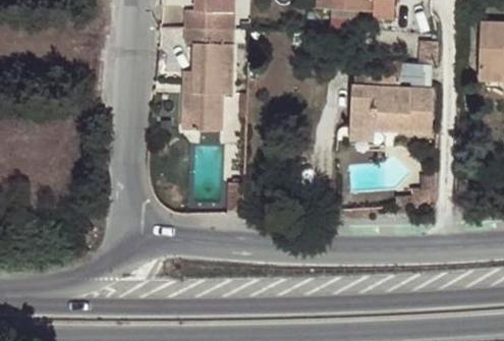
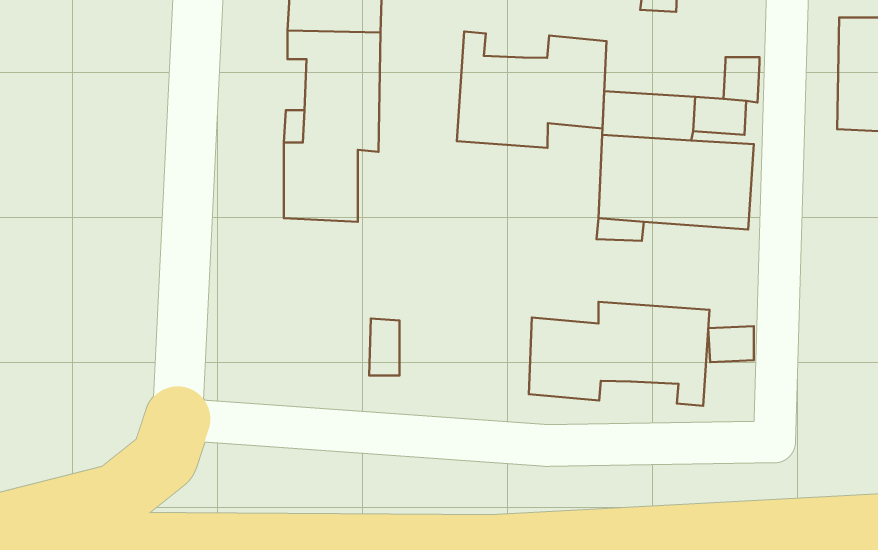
building: none -> [457,32,606,148]
building: none -> [529,302,710,406]

